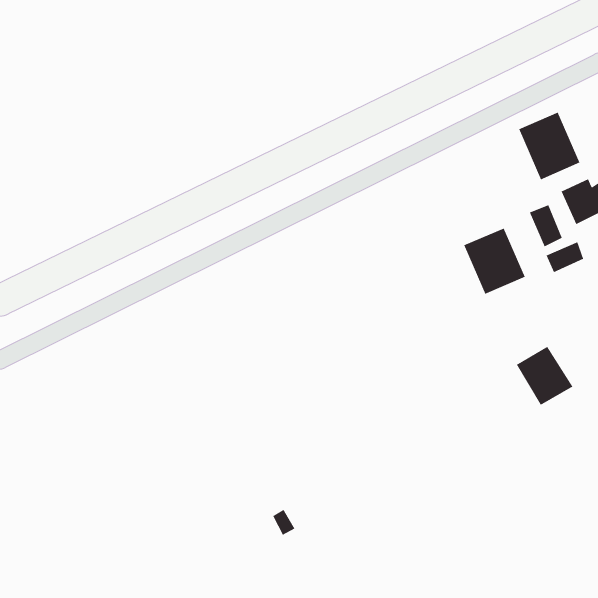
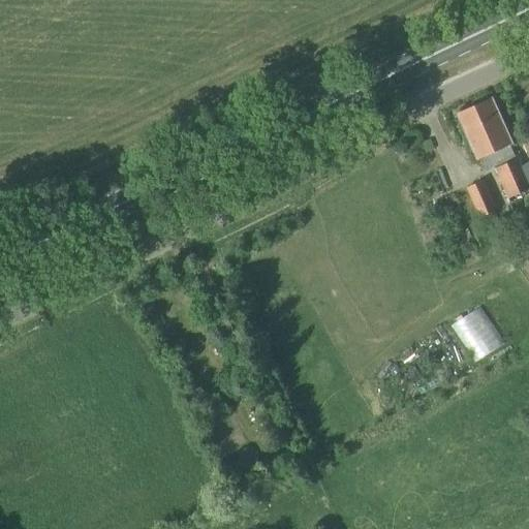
building: [463,227,526,295] -> none
building: [545,241,584,273] -> none

